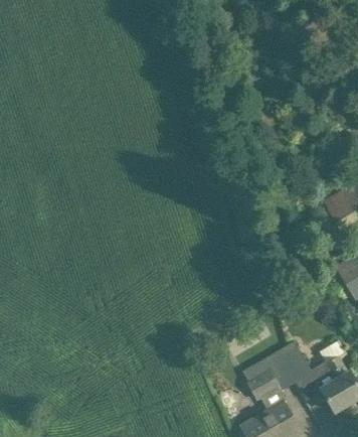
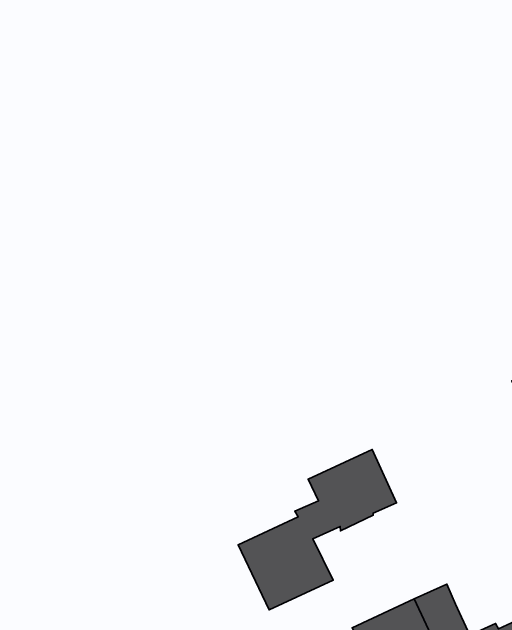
building: none -> [238,449,397,610]

